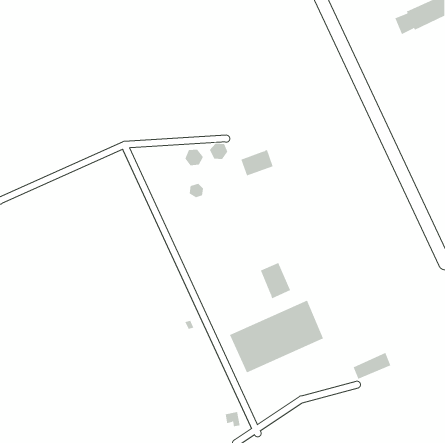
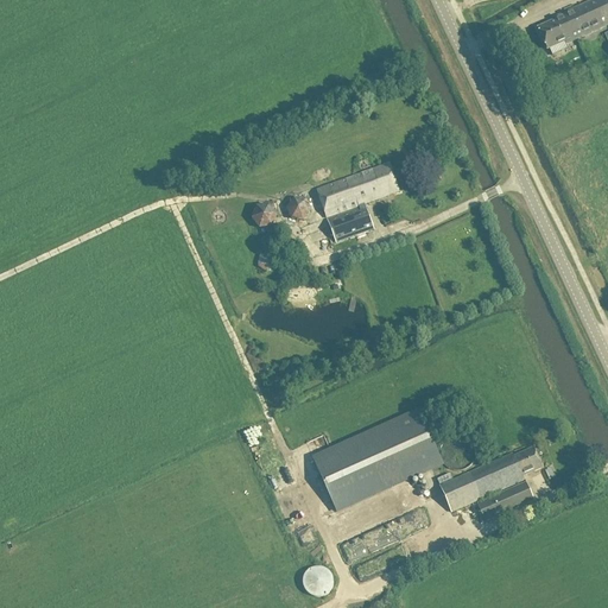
building: none -> [317,162,399,215]
building: [260,262,291,299] -> none
building: none -> [439,446,543,509]

